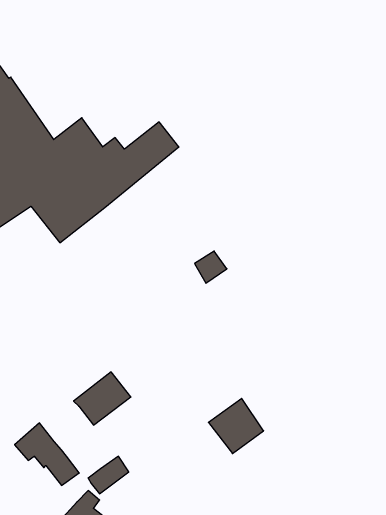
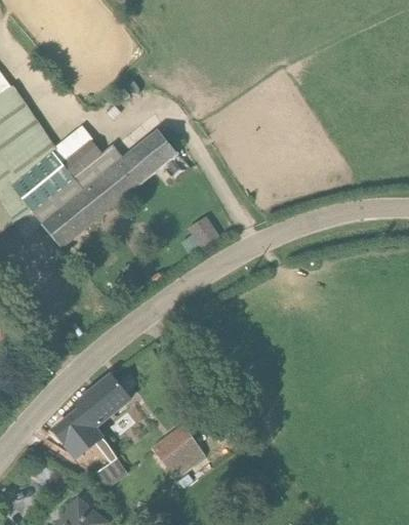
building: [195,251,227,283] -> [187,216,218,248]
building: [208,398,264,454] -> [151,425,205,479]
building: [15,423,79,485] -> [54,409,118,471]

